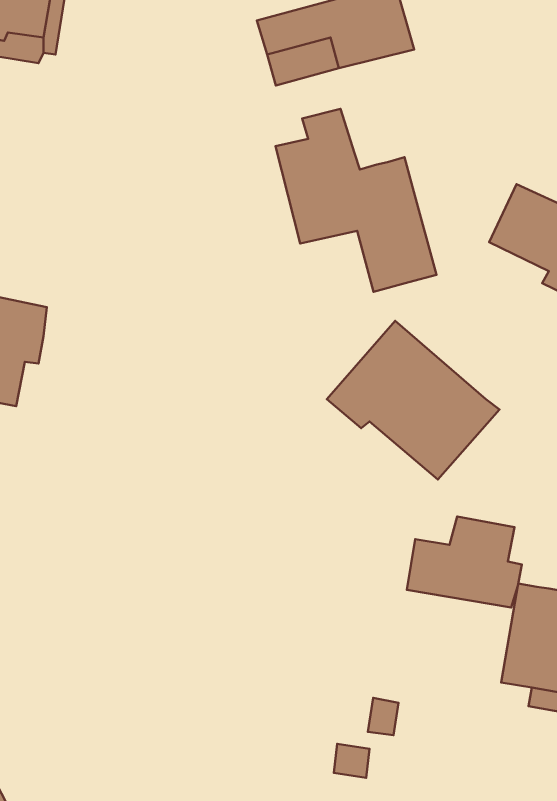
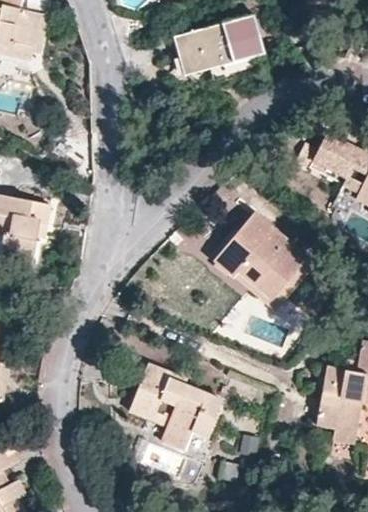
building: [276,109,436,292] -> none
building: [407,516,522,608] -> none
building: none -> [128,364,222,450]

